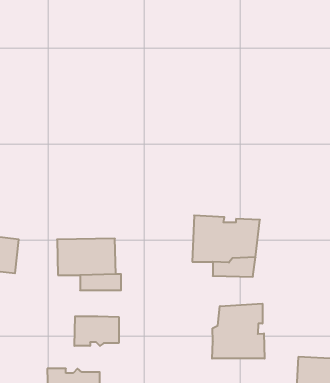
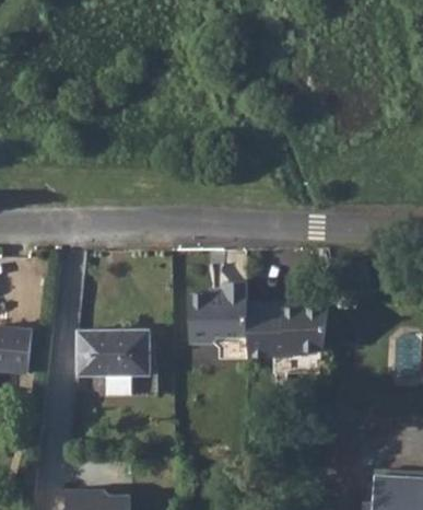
building: none -> [187,280,247,358]
building: [212,304,265,359] -> none
building: [74,316,119,346] -> none

